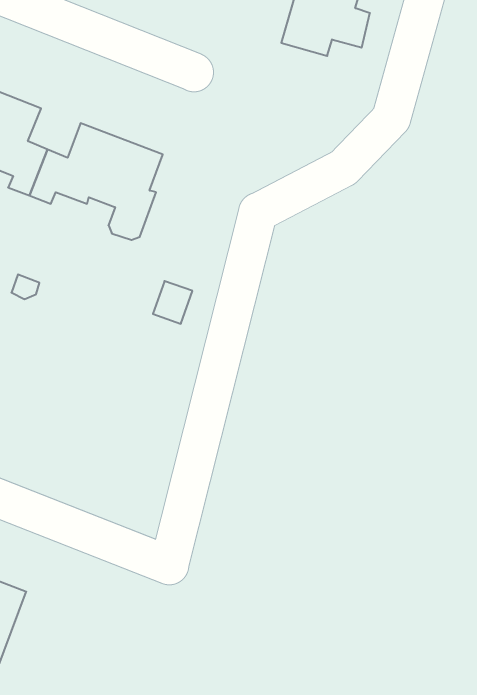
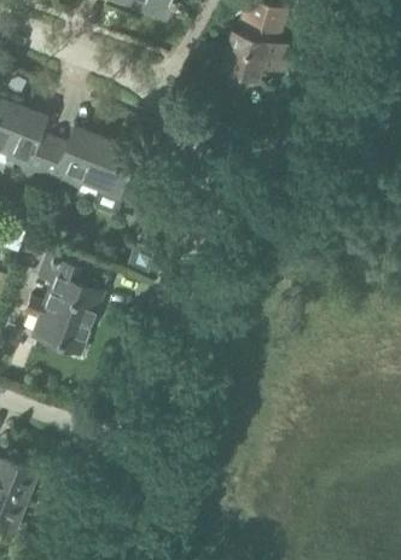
building: none -> [27,256,101,350]

